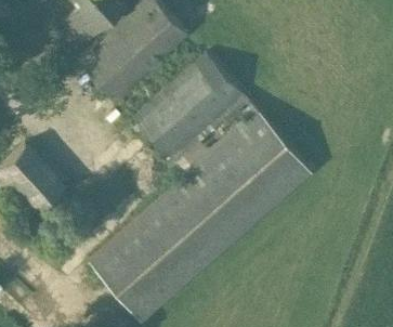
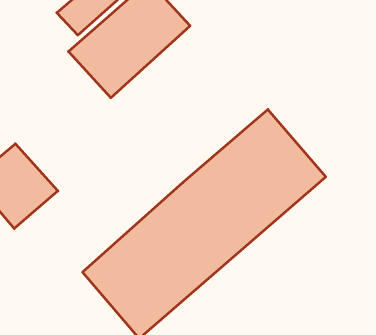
building: [132,54,259,179] -> none

